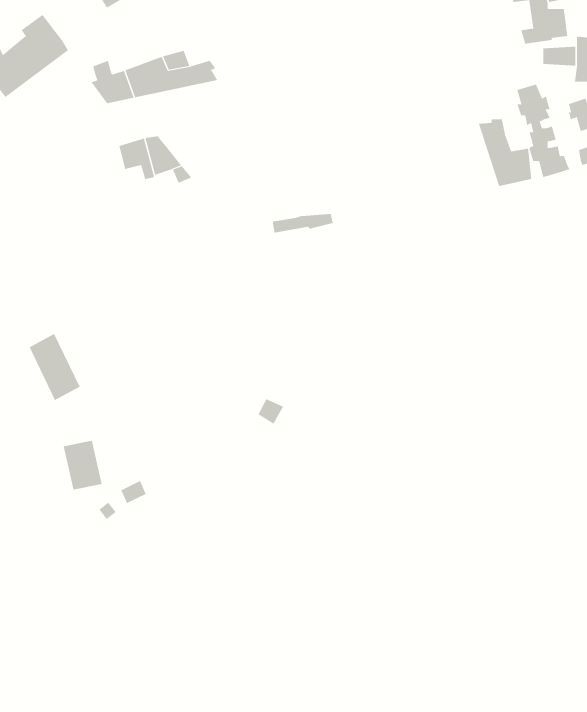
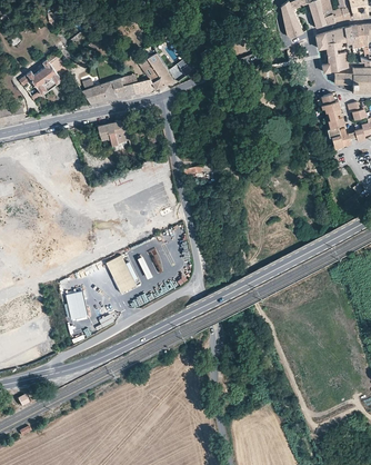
building: none -> [139,58,174,89]
building: [478,118,532,187] -> none
building: [29,333,80,401] -> [107,255,136,293]

